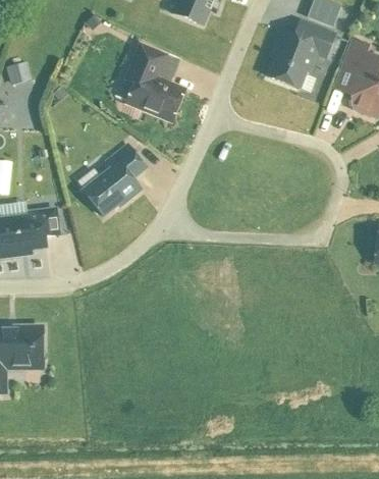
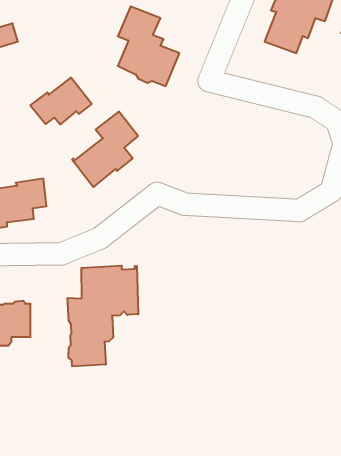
building: none -> [30,78,92,125]
building: none -> [68,266,138,366]

